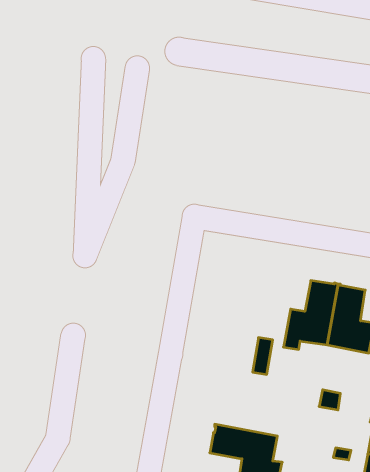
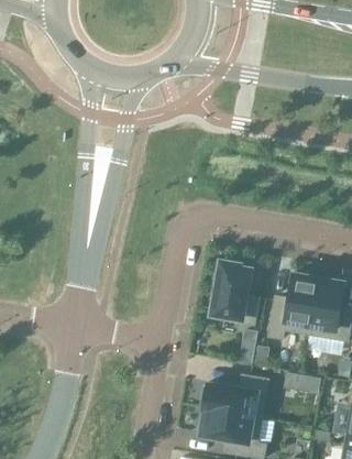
building: none -> [210,261,258,325]
building: none -> [200,375,268,419]

